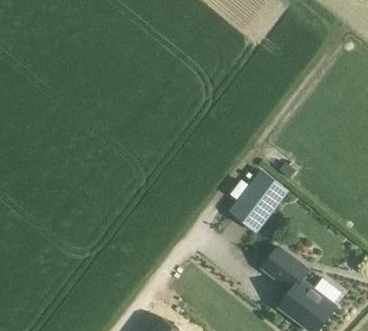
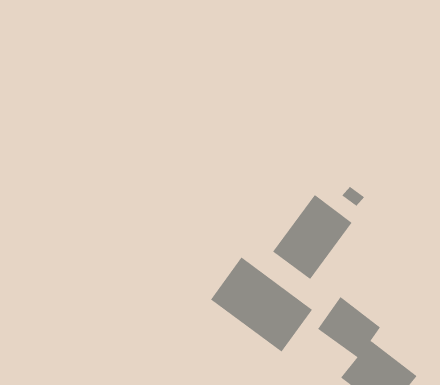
building: none -> [210,257,313,353]

